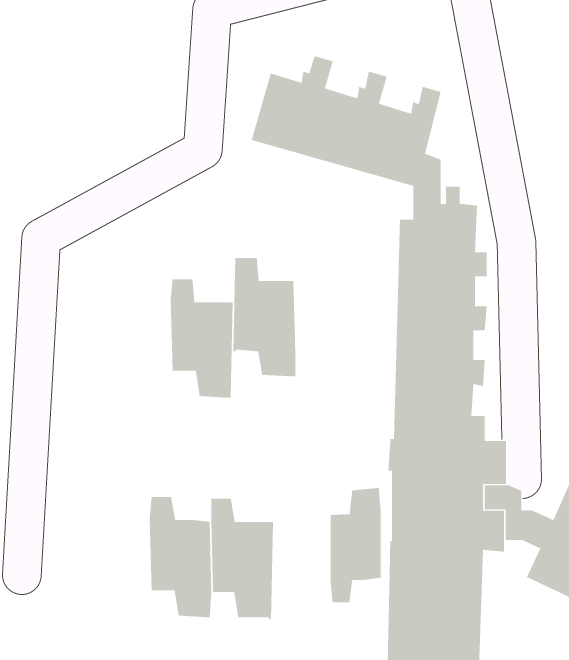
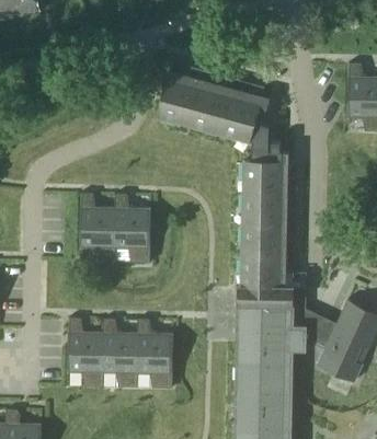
building: [232,258,296,377] -> [78,194,114,262]
building: [330,487,381,603] -> none
building: none -> [66,317,102,386]

